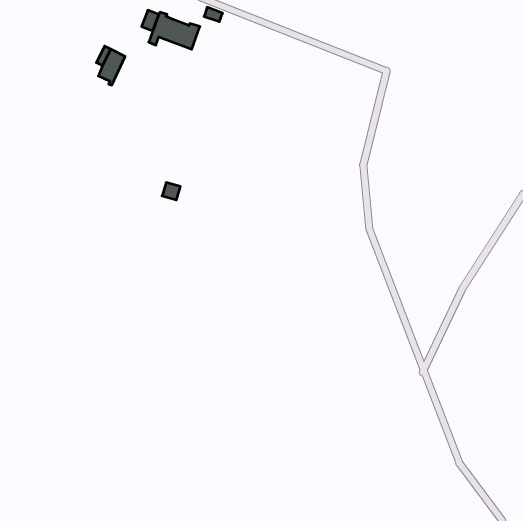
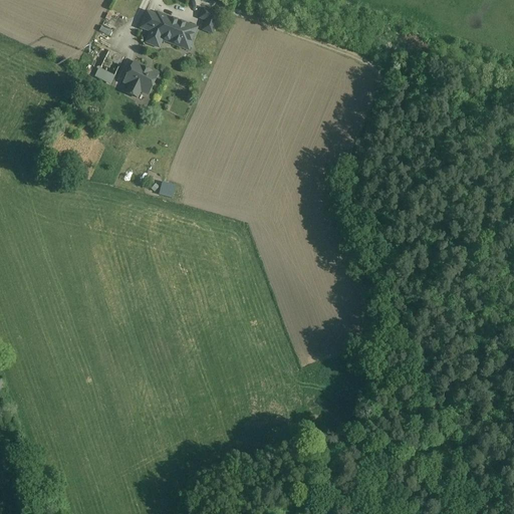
building: none -> [123,61,157,96]

